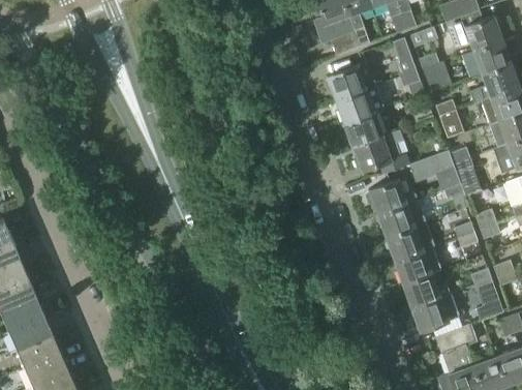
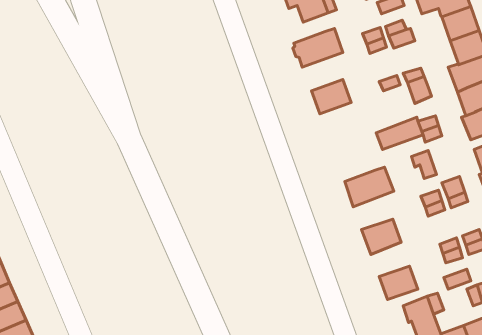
building: [335,89,375,124] -> none
building: [352,130,409,174] -> none
building: [367,179,407,214] -> none
building: [386,223,434,262] -> none
building: [403,274,449,308] -> none

